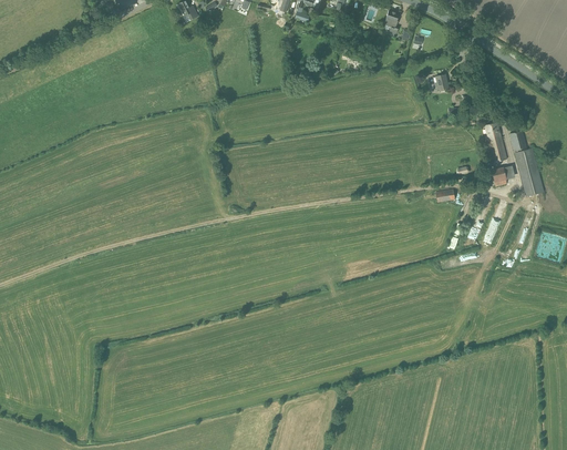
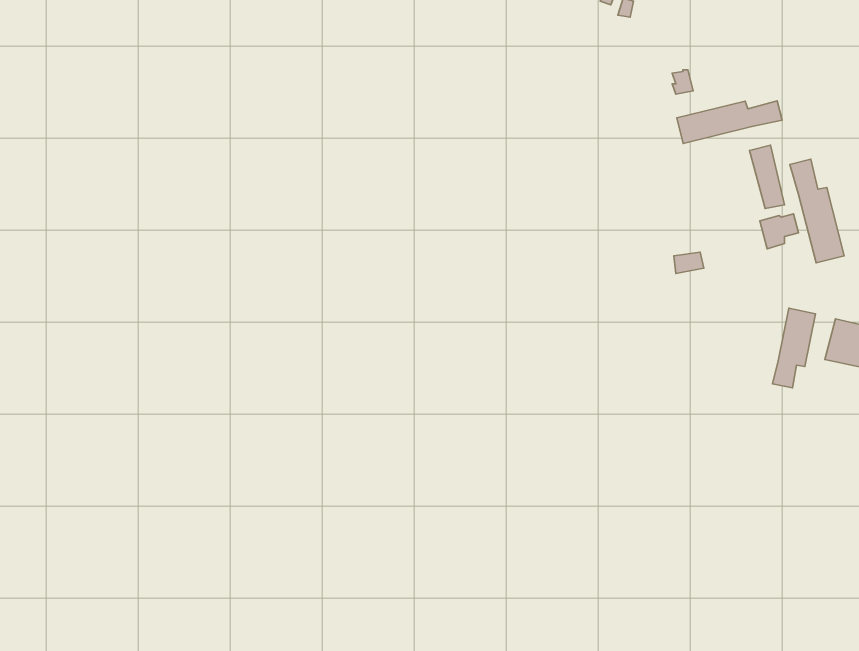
building: none -> [677,101,782,143]
building: none -> [772,308,816,388]

